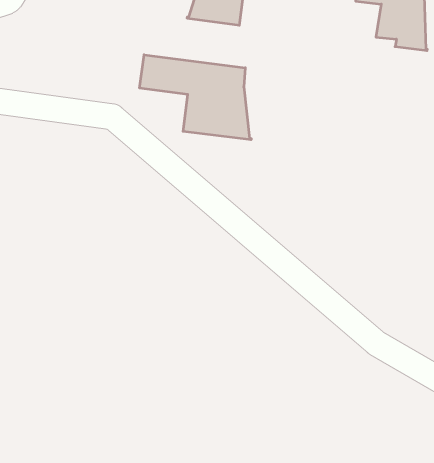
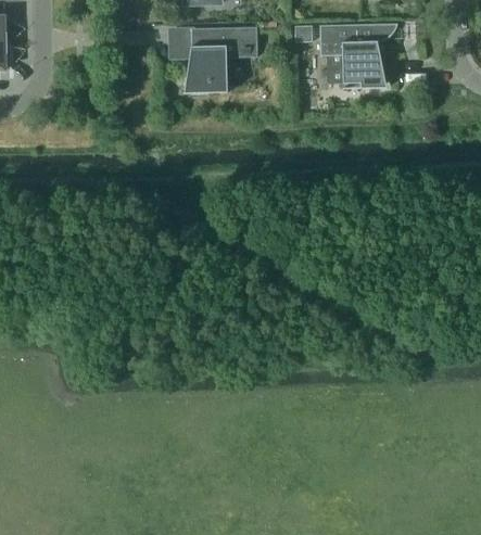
building: [140,55,251,140] -> none

